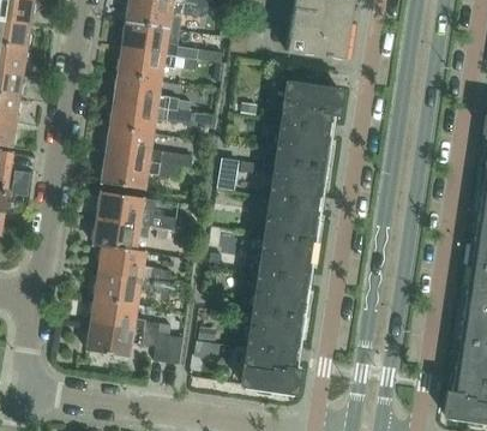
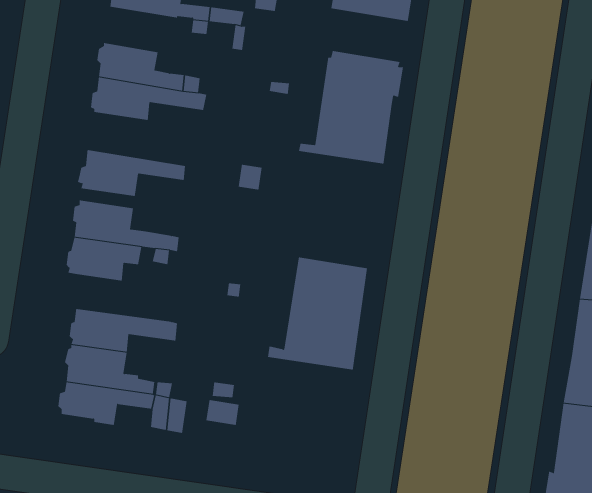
building: [118,49,174,83] -> none
building: [106,127,192,168] -> none
building: [261,156,326,243] -> none
building: [98,247,172,282] -> none
building: [239,309,303,394] -> none

